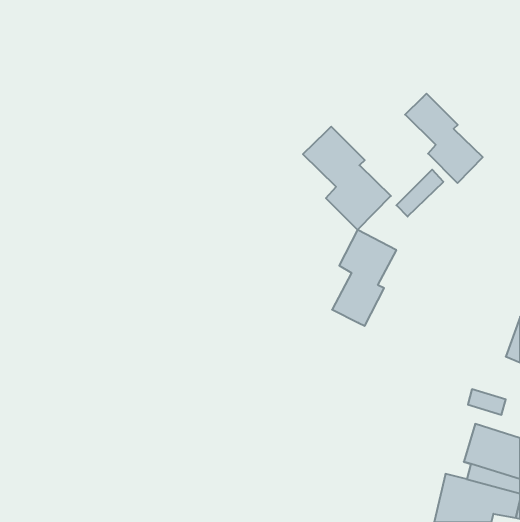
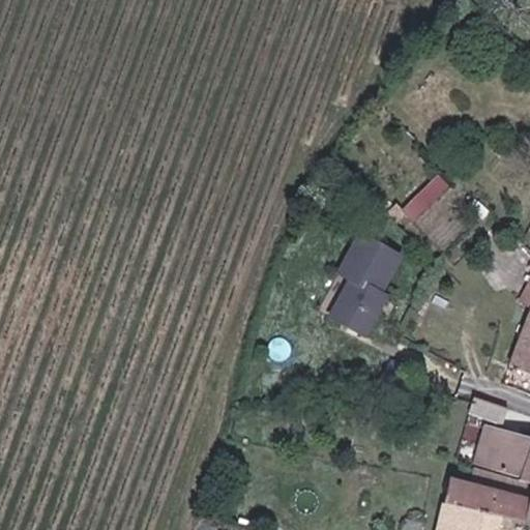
building: [405,94,483,183] -> none
building: [303,127,391,230] -> none

